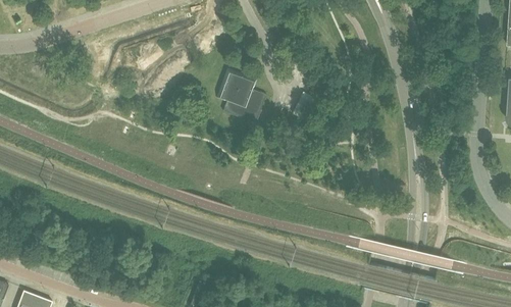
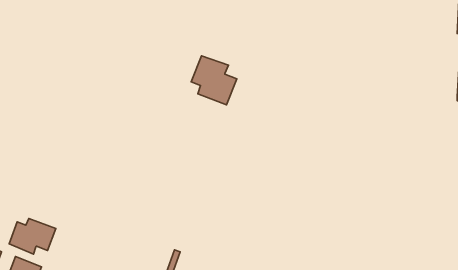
building: none -> [9,218,56,254]

